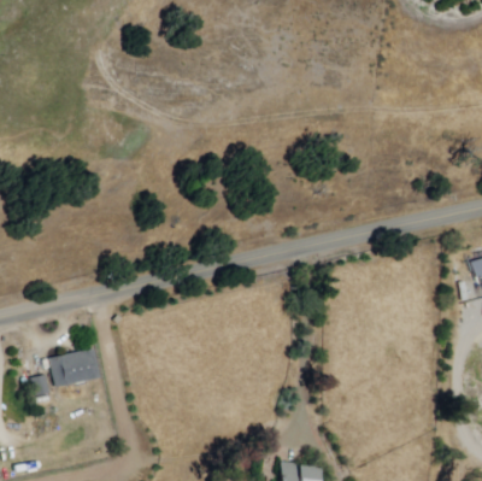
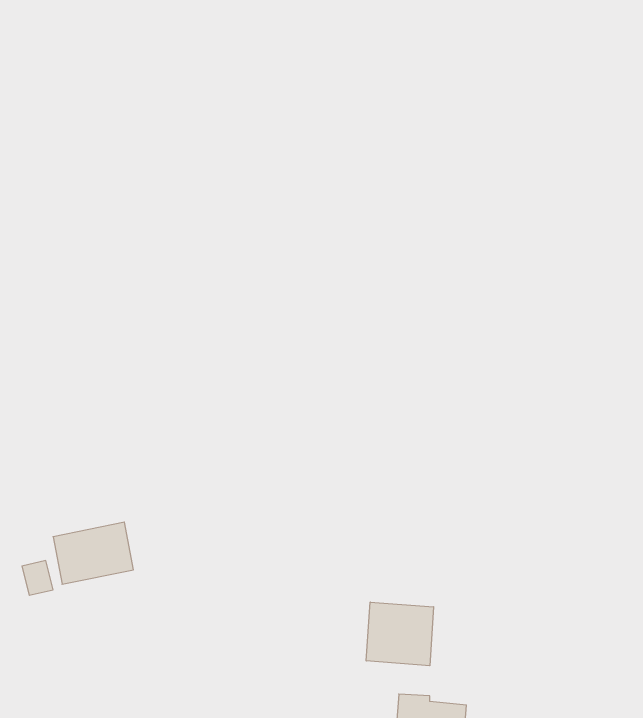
building: none -> [366,602,434,666]

